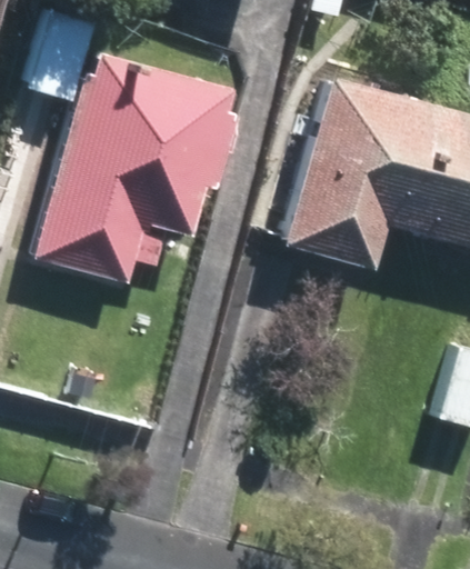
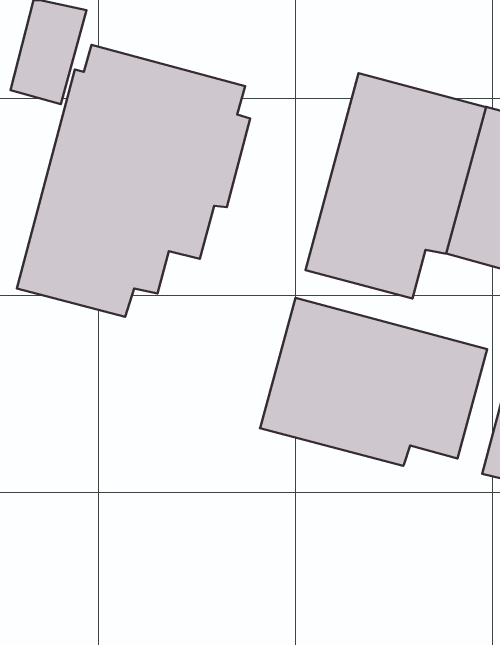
building: none -> [260,298,487,466]

